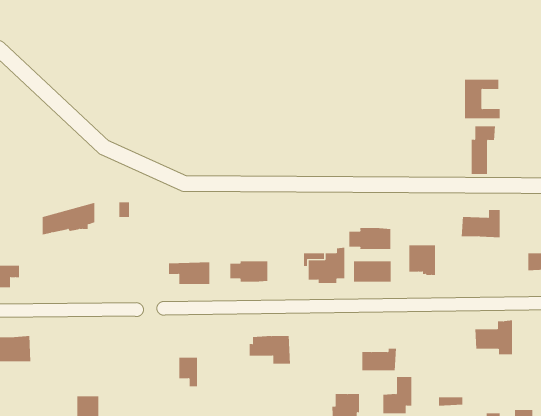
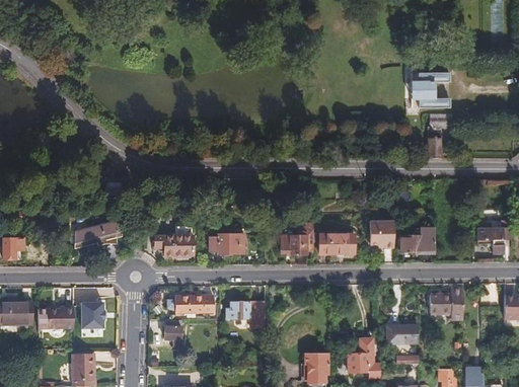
building: [42,202,95,235] -> [74,218,122,247]
building: [461,210,501,238] -> [399,228,435,253]
building: [349,227,391,250] -> none
building: none -> [167,295,214,311]
building: none -> [82,303,104,327]
building: none -> [49,306,74,328]
building: [362,348,397,371] -> [387,322,419,342]

